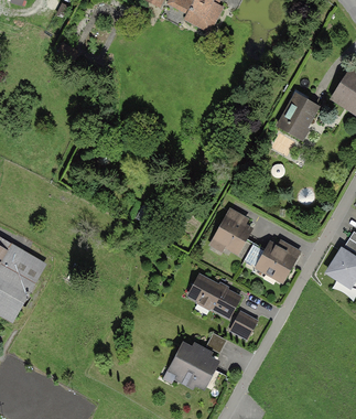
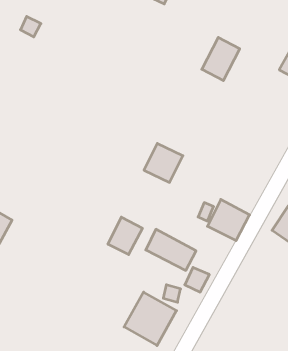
building: [279,95,320,141] -> [202,37,240,81]
building: [211,216,252,258] -> [144,143,183,182]
building: none -> [108,217,142,255]

